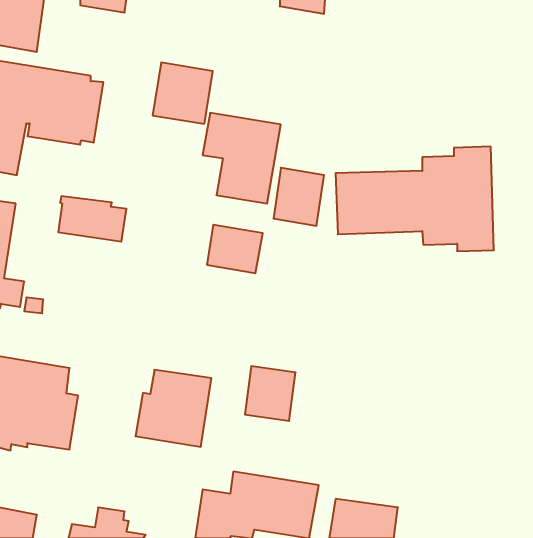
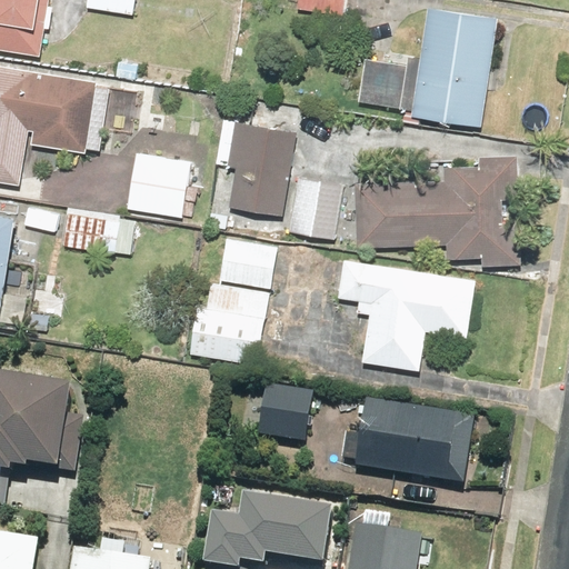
building: none -> [357,7,497,126]
building: [153,63,213,124] -> [126,152,189,217]
building: none -> [337,258,476,369]
building: [135,370,211,447] -> [189,282,269,363]
building: none -> [355,400,473,485]

